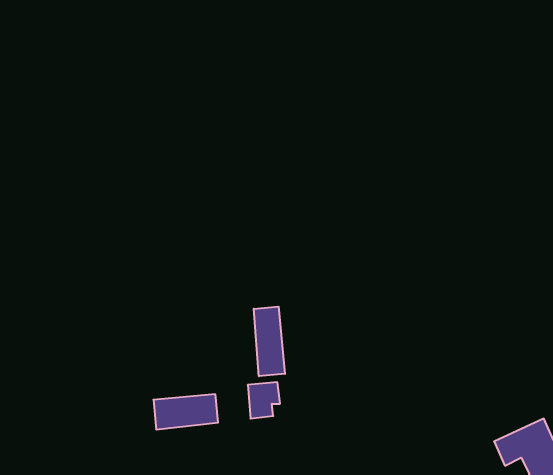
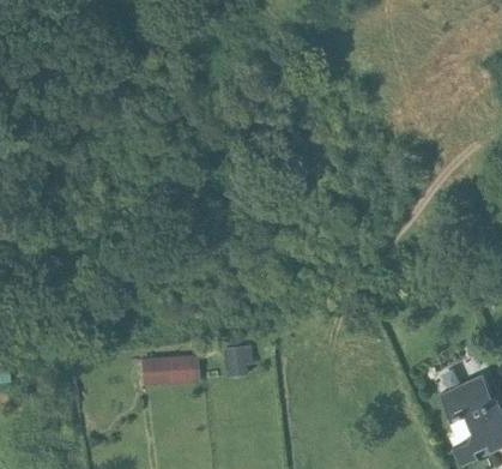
building: [254,307,285,376] -> none

